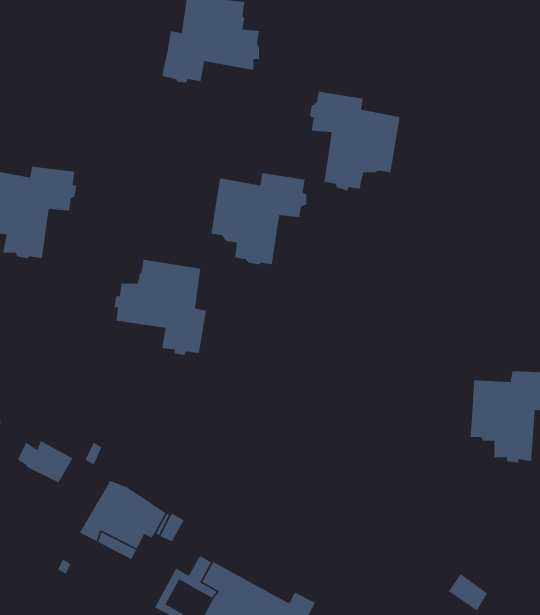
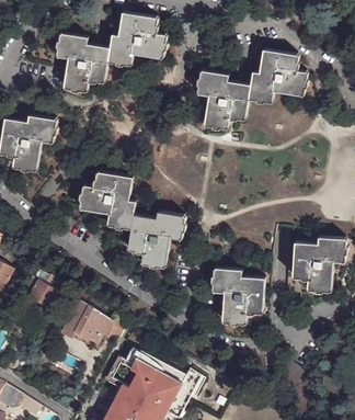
building: none -> [57,31,112,91]
building: none -> [250,49,309,102]
building: [210,172,307,265] -> [128,211,186,266]
building: none -> [213,266,265,325]

